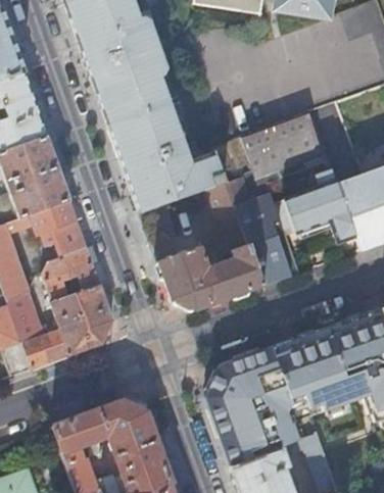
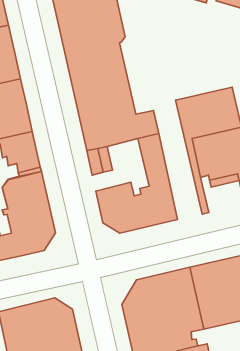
building: [213,138,291,285] -> none

